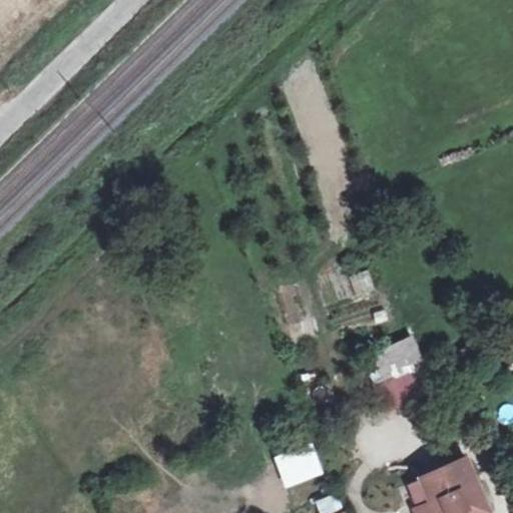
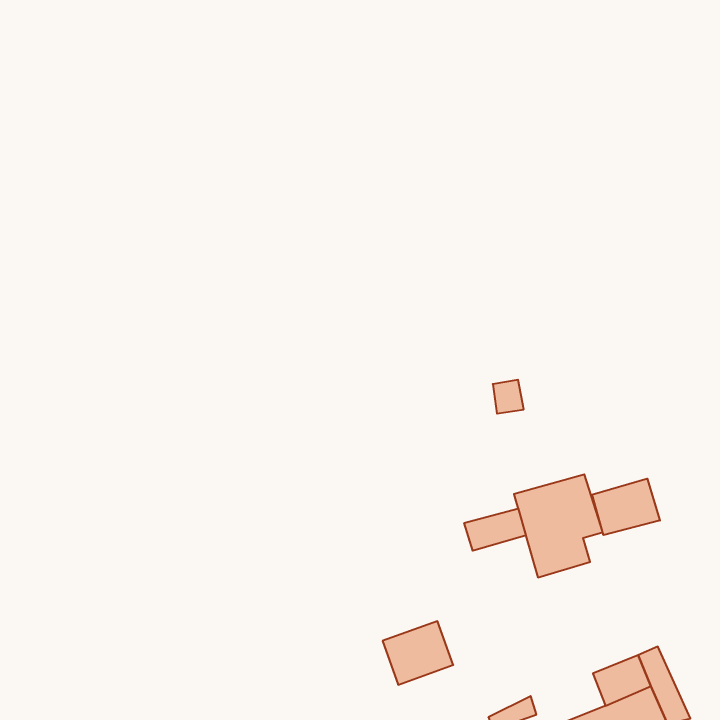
building: none -> [592,479,660,535]
building: none -> [464,509,526,551]

